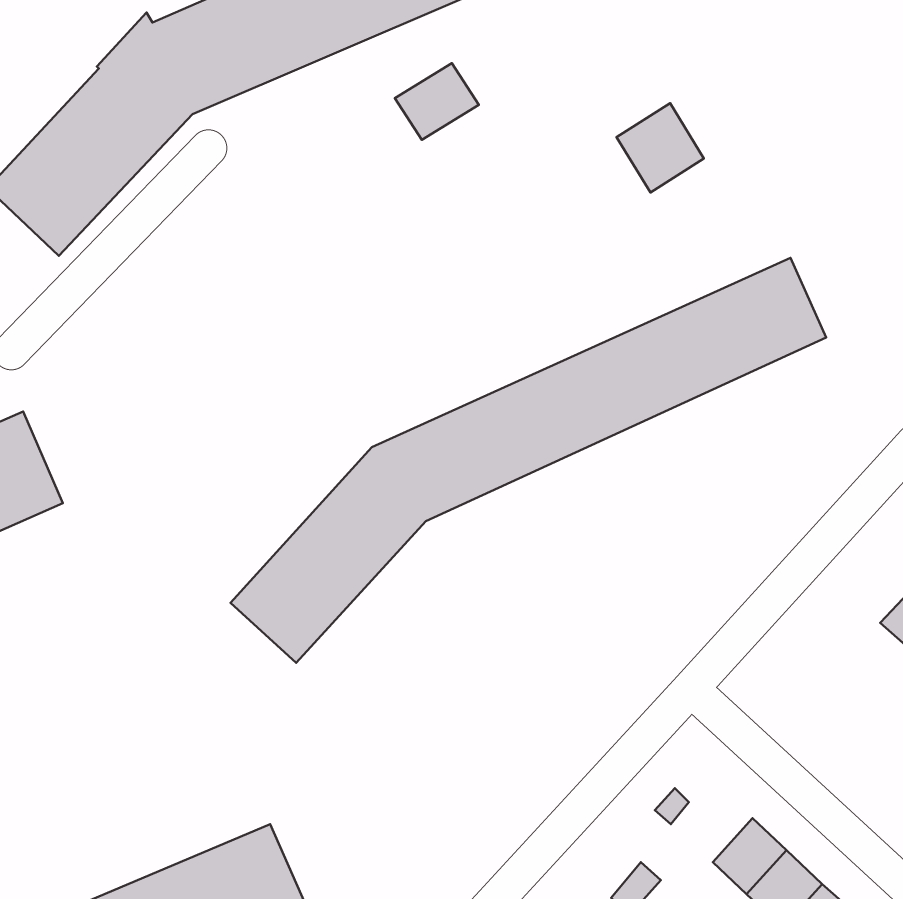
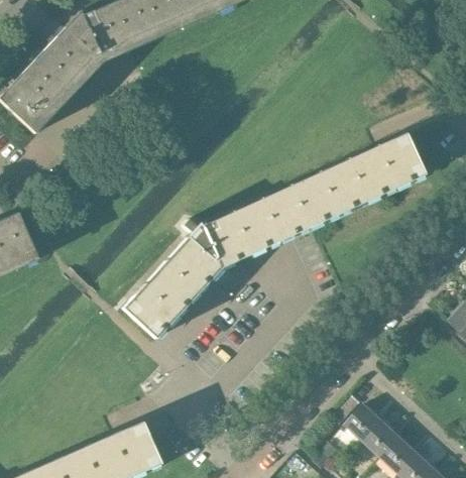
building: [395,63,479,140] -> none
building: [617,103,704,192] -> none
building: none -> [346,401,385,441]

